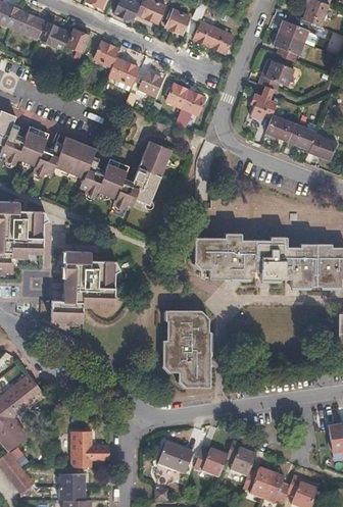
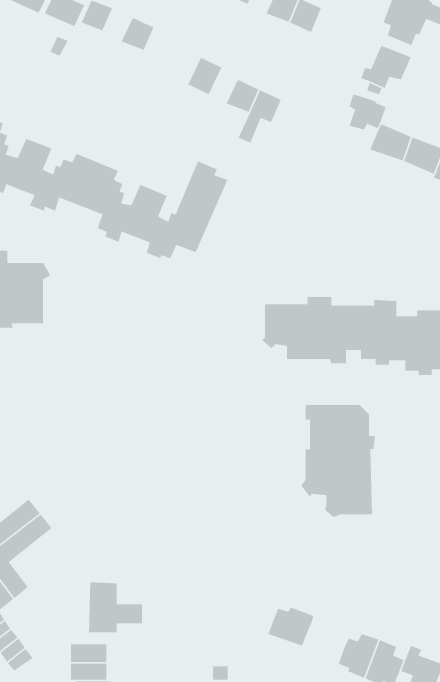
building: [109,56,139,90] -> none
building: [50,252,117,322] -> none
building: [159,311,211,390] -> [300,404,376,518]
building: [227,441,256,476] -> none
building: [158,443,194,473] -> none

